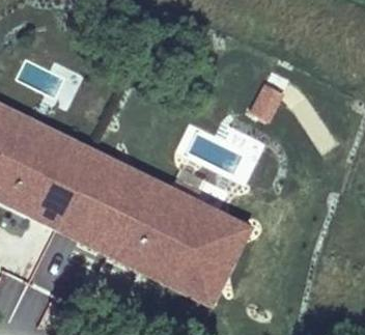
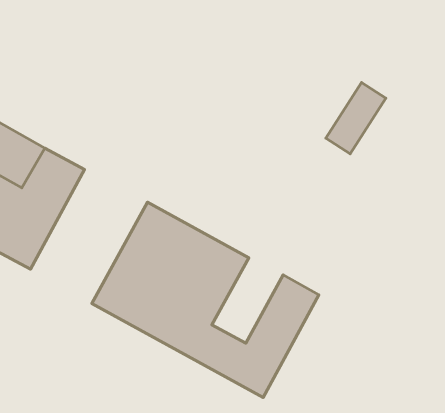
building: [36,140,121,238] -> none
building: [168,204,220,267] -> none

